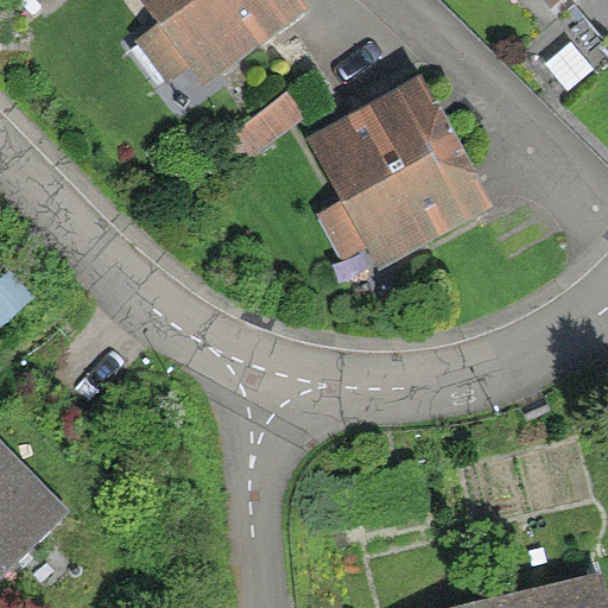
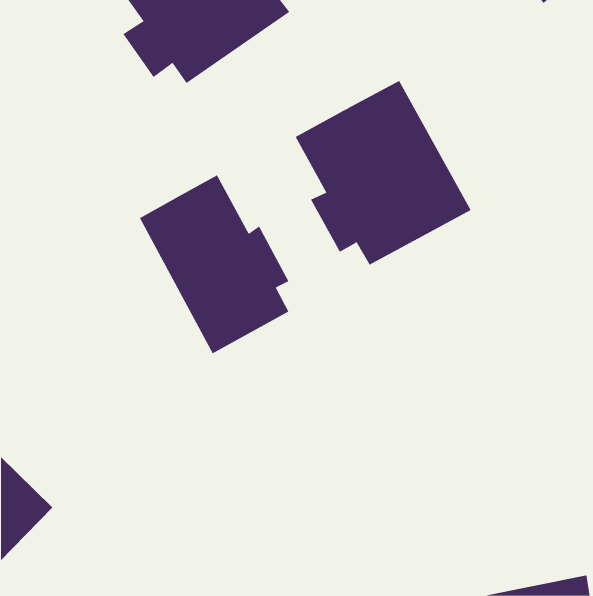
building: none -> [139,175,289,354]

